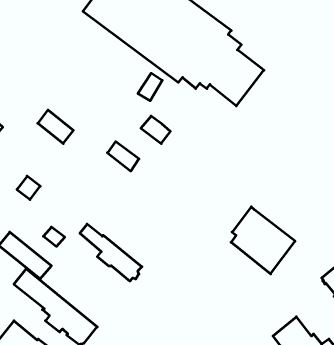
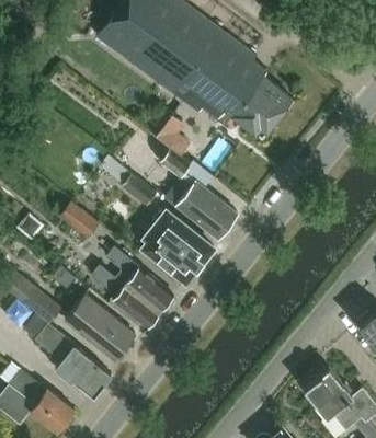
building: [38,110,73,144] -> [61,203,100,239]
building: none -> [176,181,238,239]
building: [231,207,295,274] -> [145,210,214,283]
building: none -> [106,247,172,311]
building: none -> [64,296,134,361]

